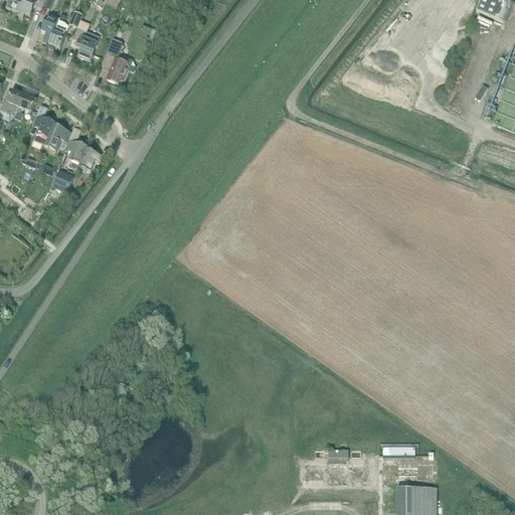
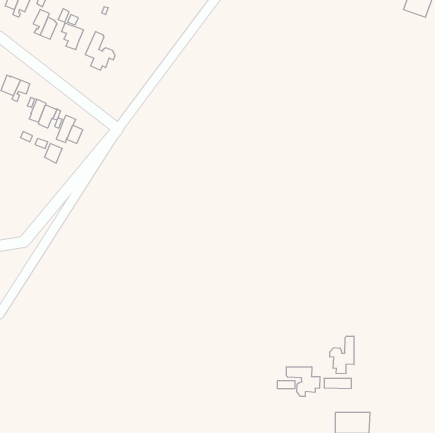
building: none -> [330,336,354,374]
building: none -> [287,367,320,397]

